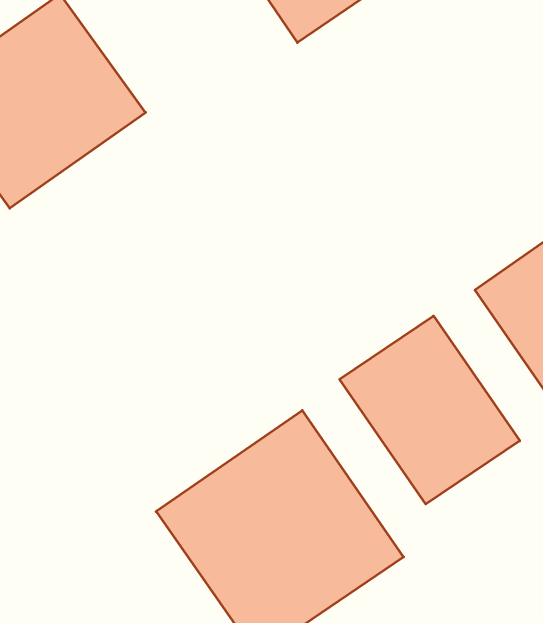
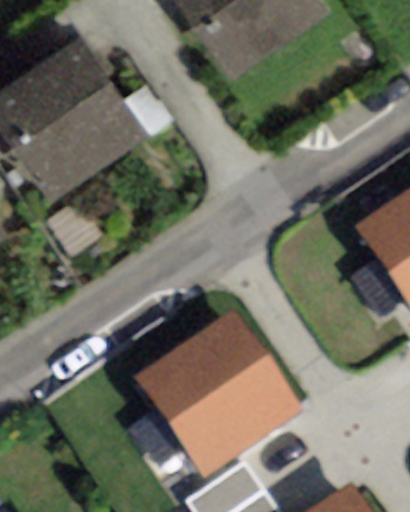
building: [340,316,520,504] -> none

